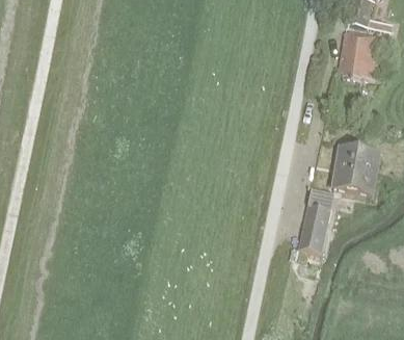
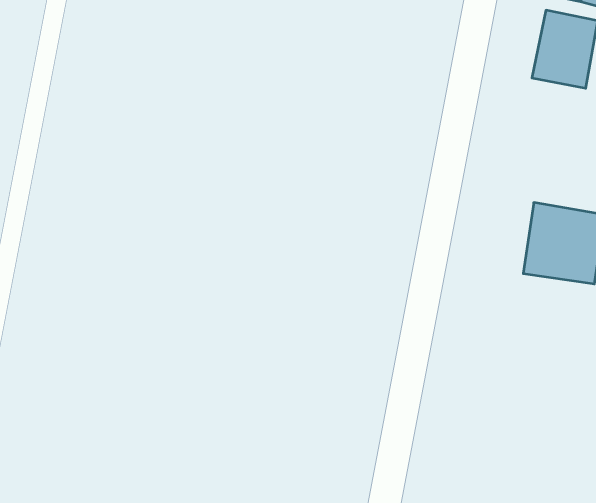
building: [299,188,334,253] -> none

